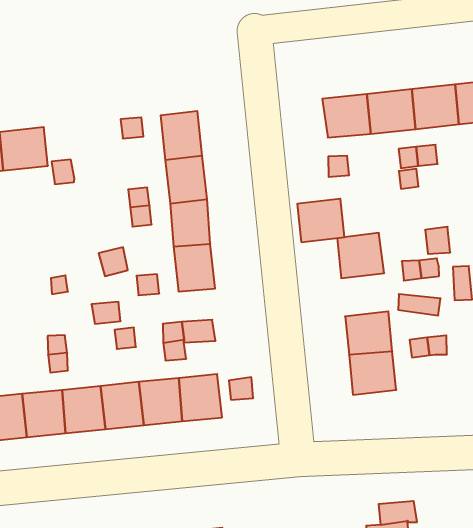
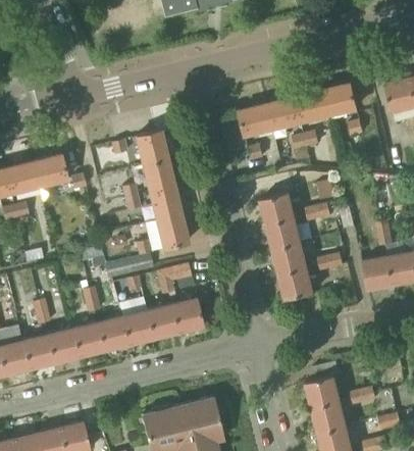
building: [297,199,345,242] -> [267,218,301,250]

